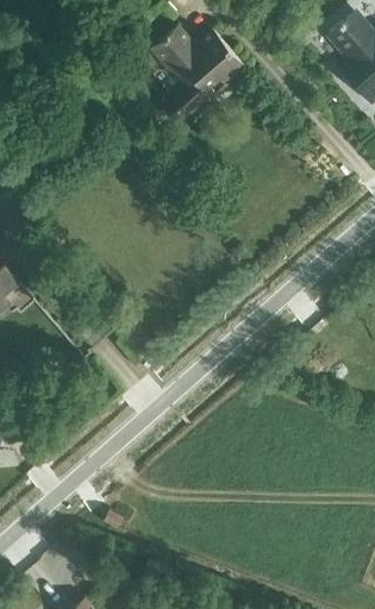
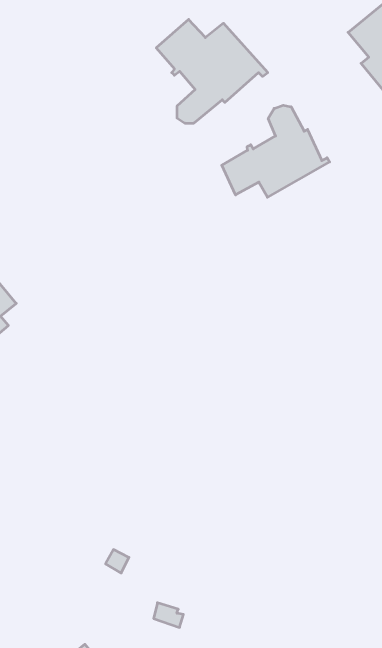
building: none -> [222,105,330,197]

